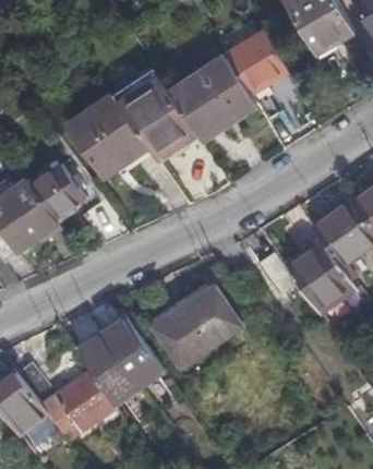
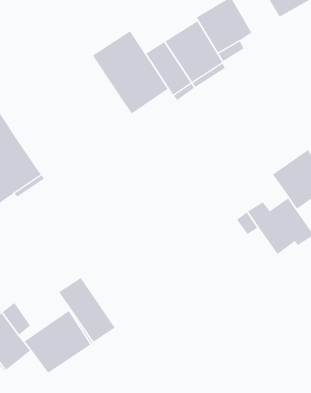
building: [69,95,147,177] -> none
building: [32,165,85,219] -> none
building: [152,286,241,368] -> none
building: [101,317,166,389] -> none

